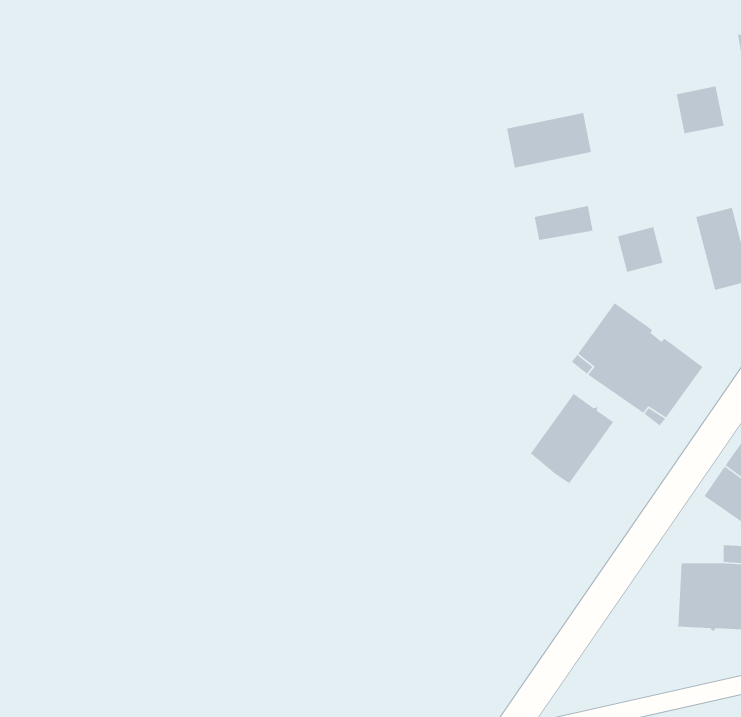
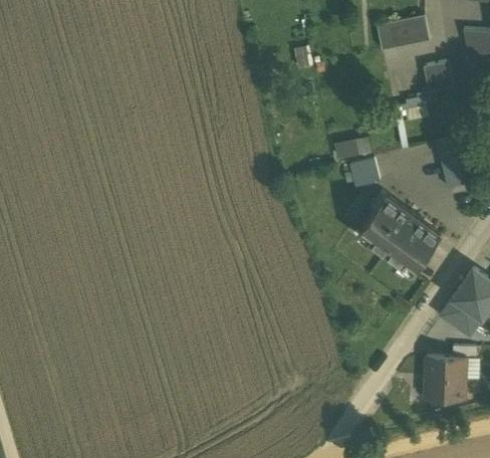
building: [506,112,592,169] -> [377,16,430,51]
building: [617,226,664,273] -> [351,160,381,189]
building: [530,393,614,484] -> none

